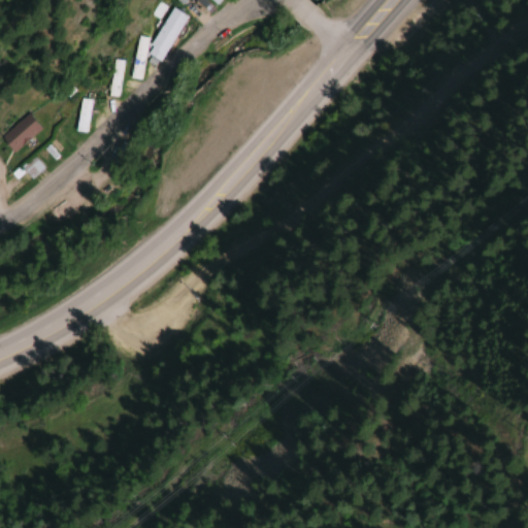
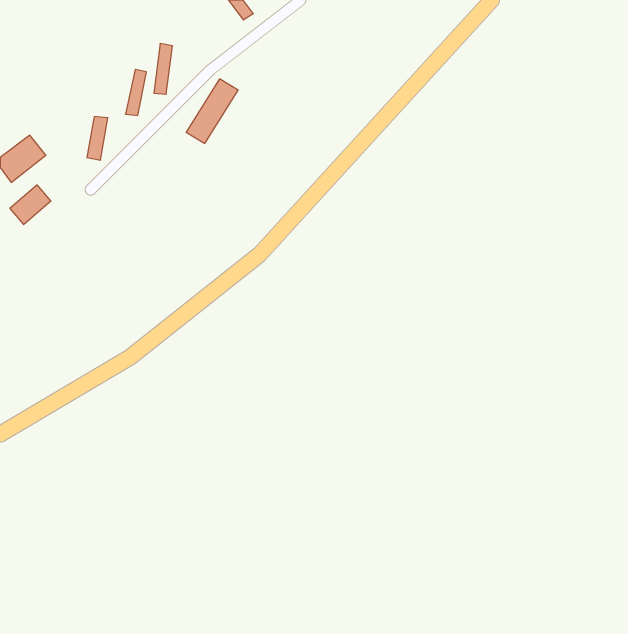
building: [147,7,191,61] -> [186,79,238,143]

